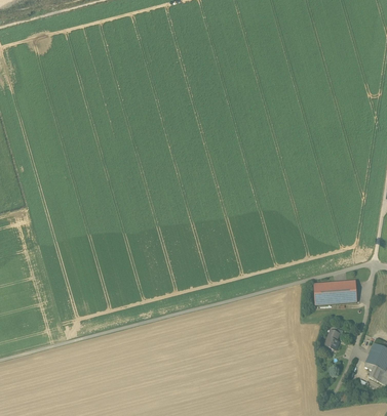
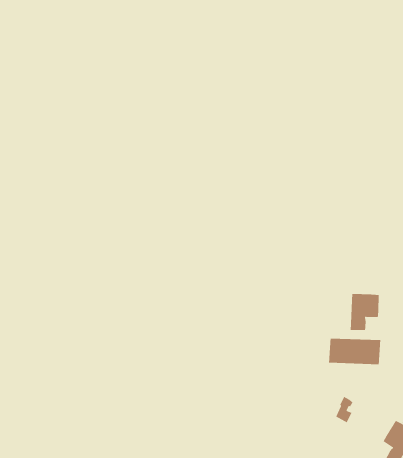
building: none -> [350,293,380,331]

